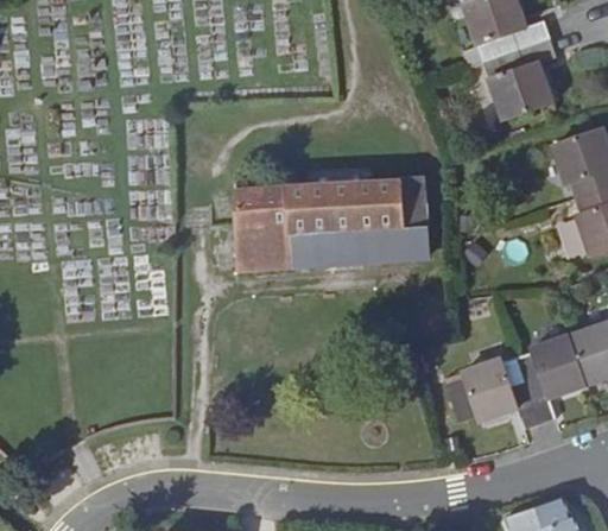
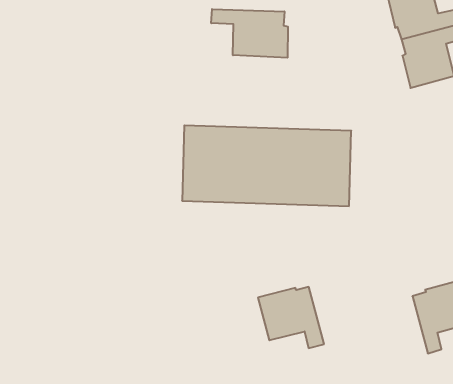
building: none -> [211,9,288,58]
building: [457,362,538,434] -> [258,287,324,348]

